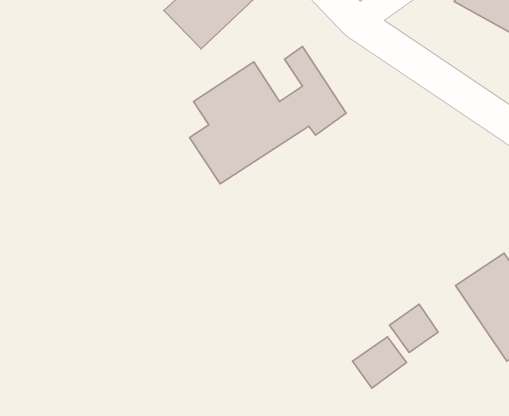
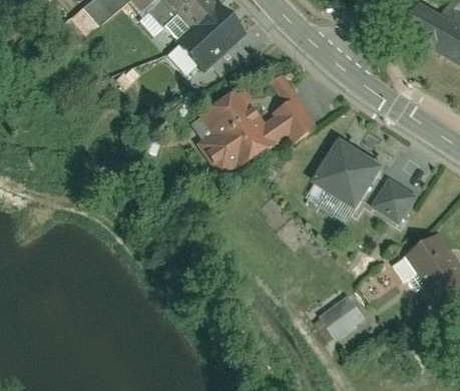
building: none -> [313,140,382,209]
building: none -> [371,177,416,223]
building: [389,304,438,352] -> none

